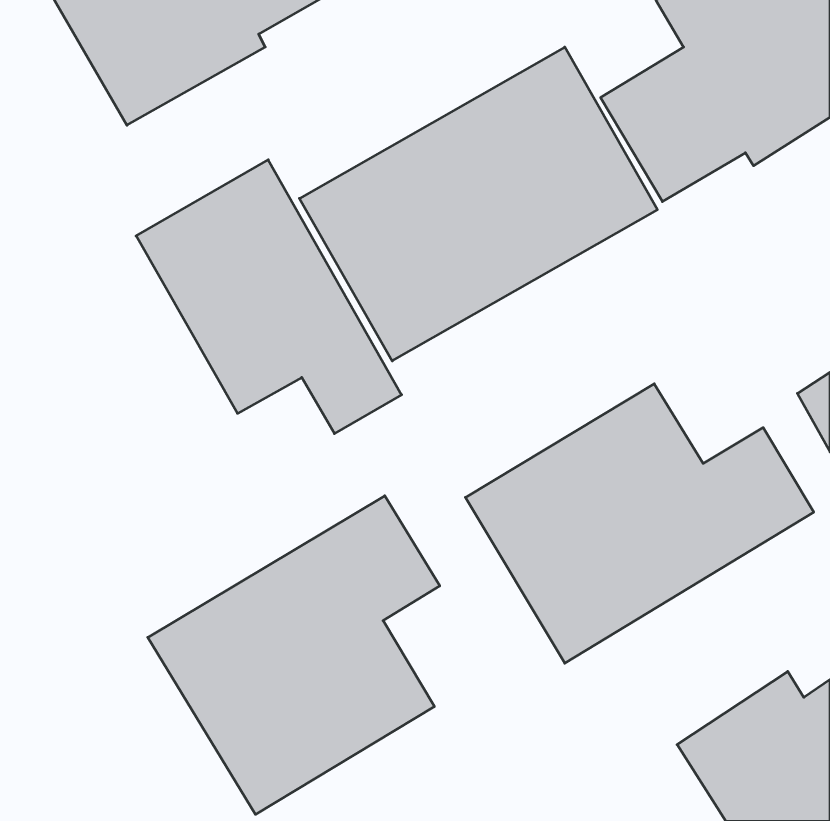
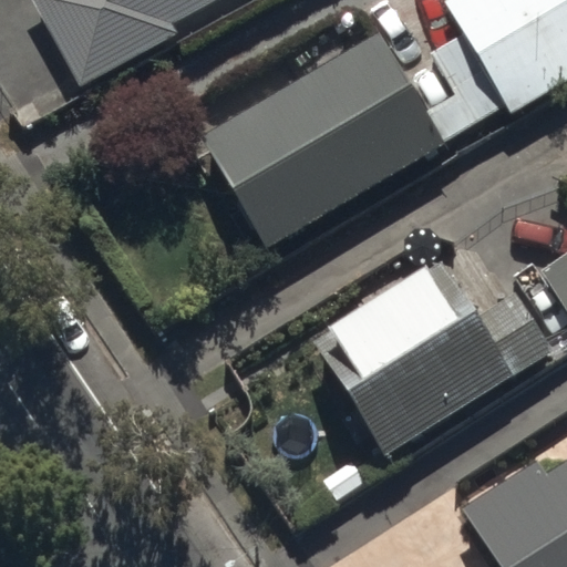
building: [136,160,402,434] -> none
building: [148,496,440,814] -> none

